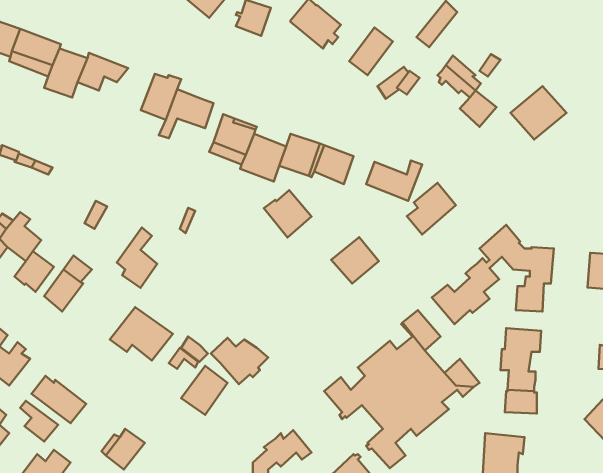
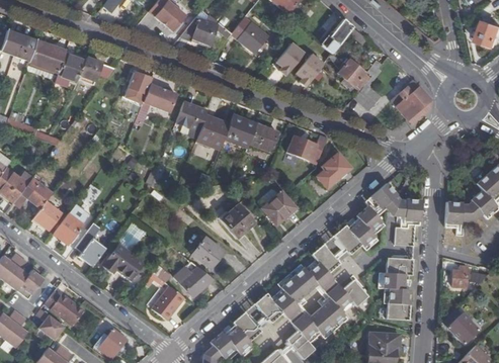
building: [264,190,311,238] -> [219,203,253,238]
building: [117,228,157,288] -> [75,221,104,265]
building: none -> [192,233,227,268]
building: none -> [234,310,263,346]

